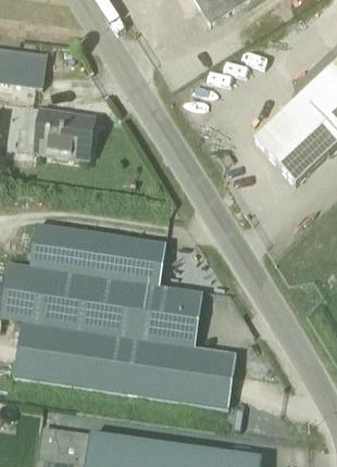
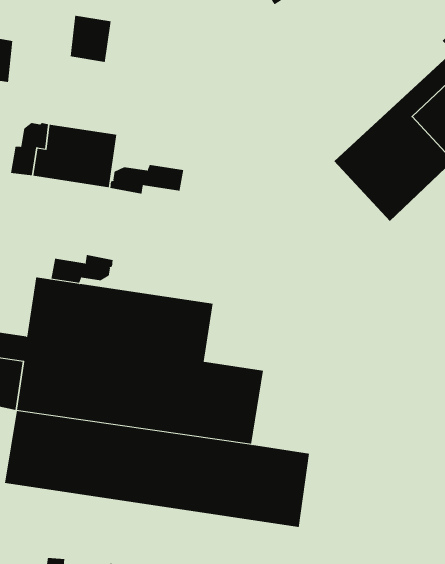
building: [14,50,45,85] -> [70,15,111,63]
building: none -> [110,164,184,195]
building: none -> [51,254,113,284]

